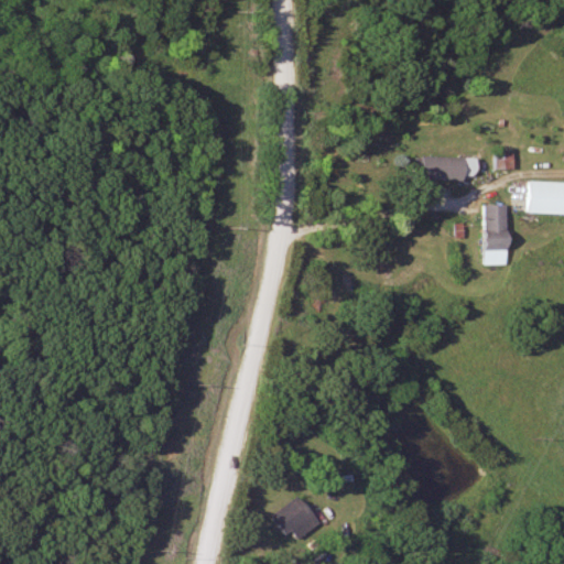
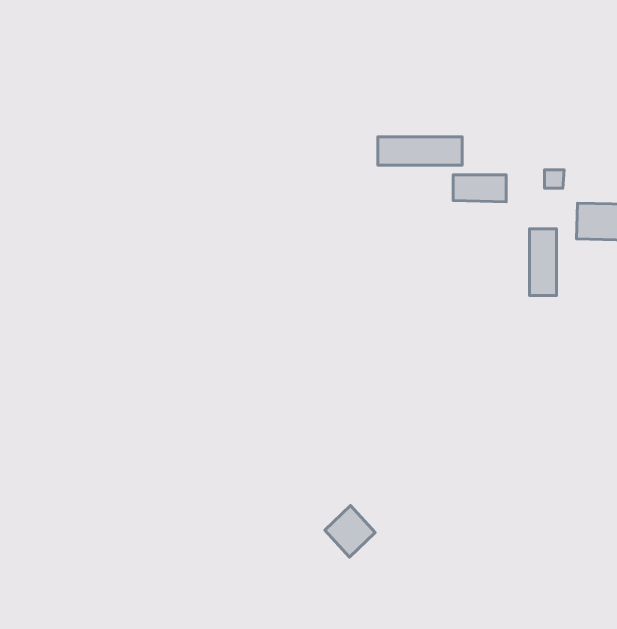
building: none -> [378,137,462,165]
building: [276,498,322,544] -> [325,505,375,557]

